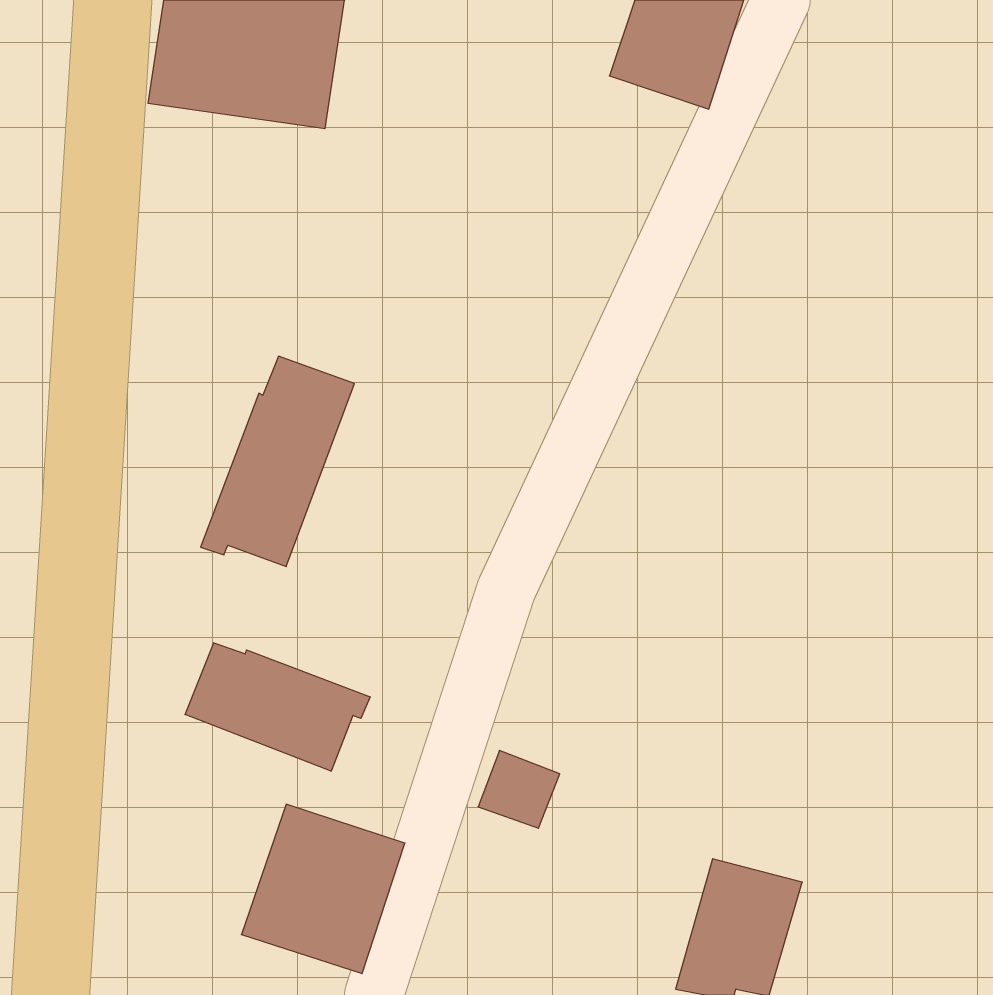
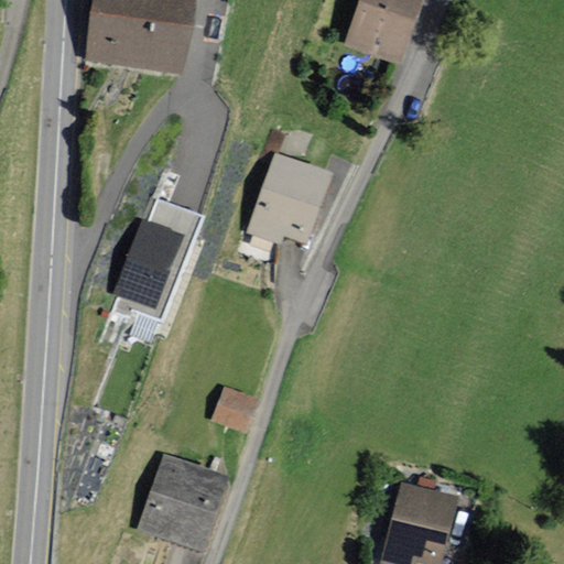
building: none -> [246,153,332,243]
building: [185,643,370,771] -> none
building: [478,750,560,828] -> [210,387,257,431]

